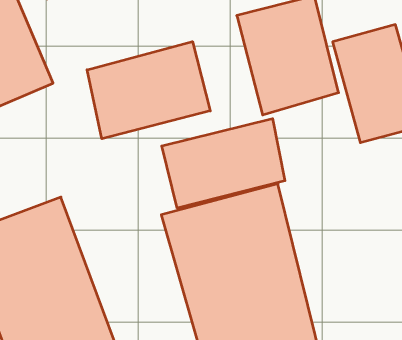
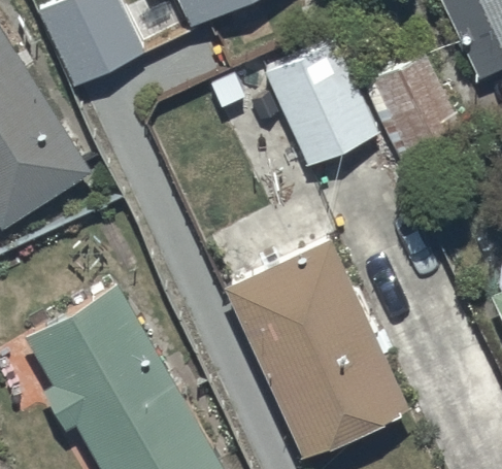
building: [87,42,210,139] -> none
building: [162,119,285,208] -> none

